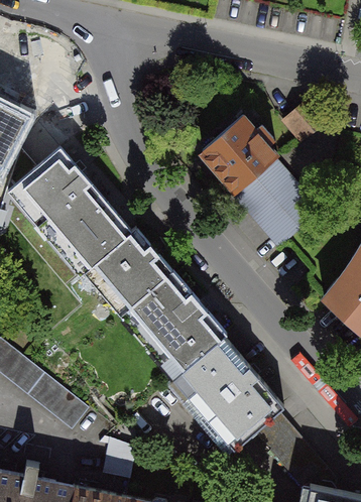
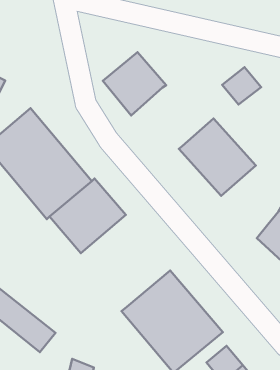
building: [205,118,278,192] -> [103,52,166,115]
building: [120,271,226,378] -> none

